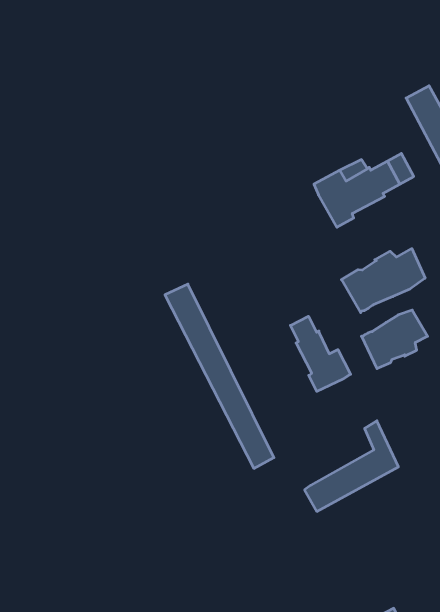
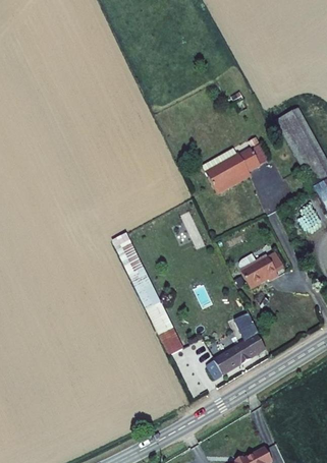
building: [341,249,425,313] -> none
building: [290,316,351,391] -> none

